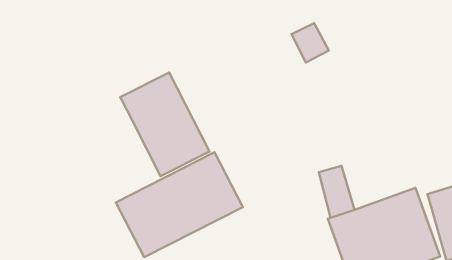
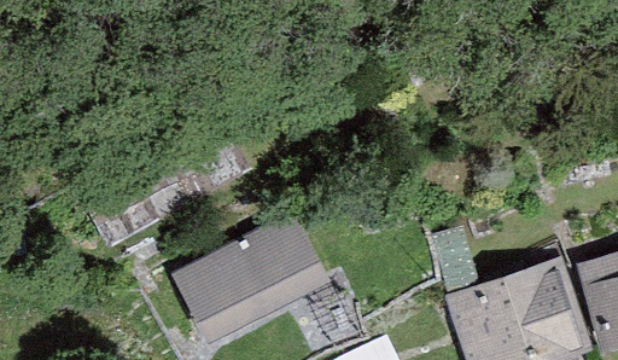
building: [120,73,209,176] -> none

